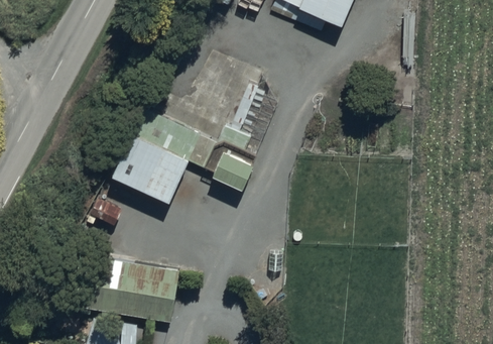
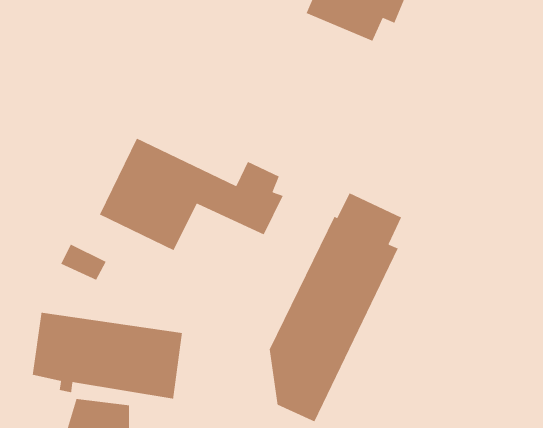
building: none -> [269,192,402,423]

